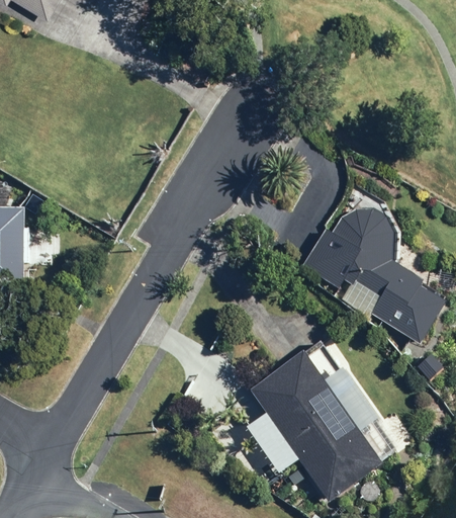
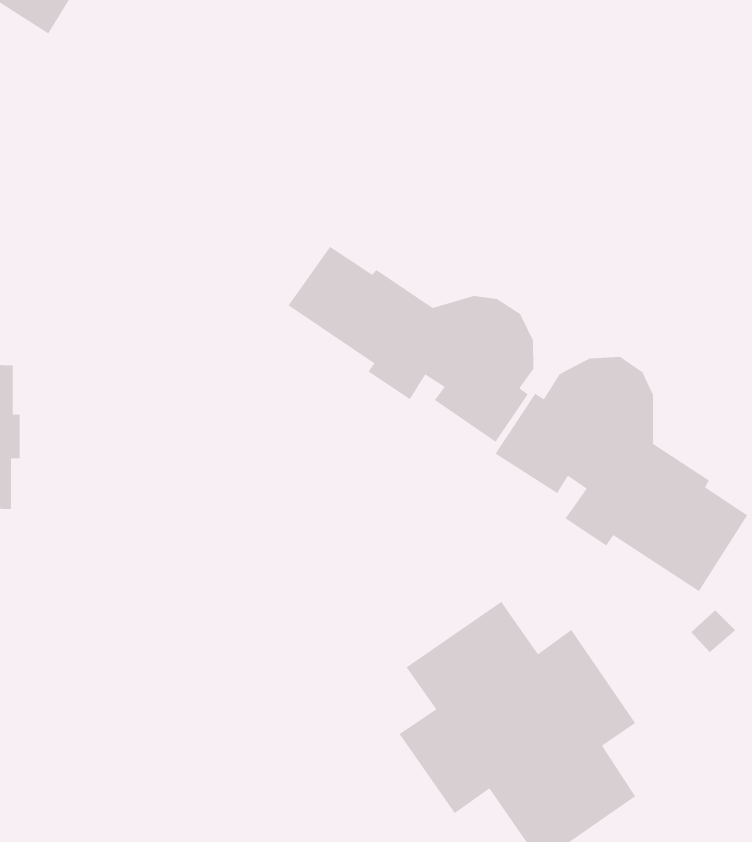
building: none -> [288,246,534,443]

